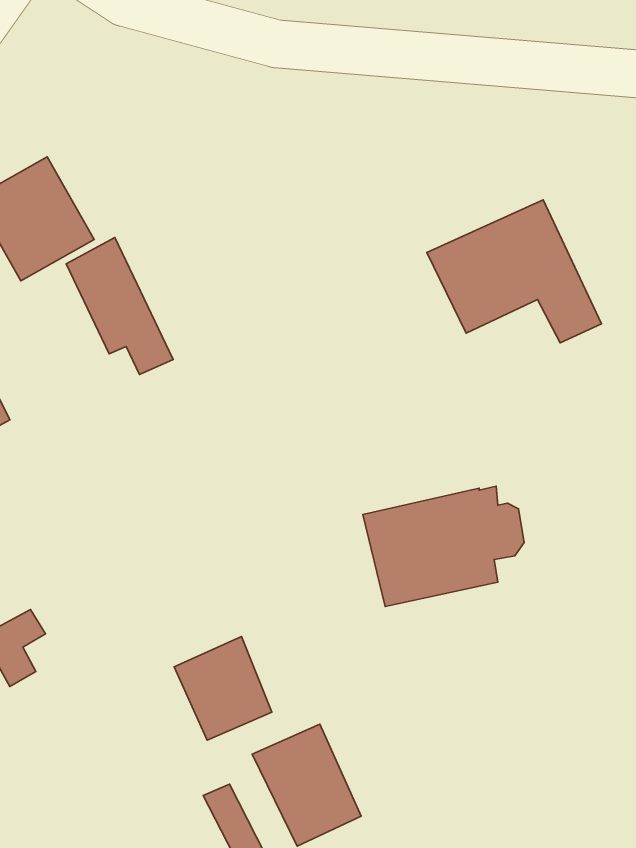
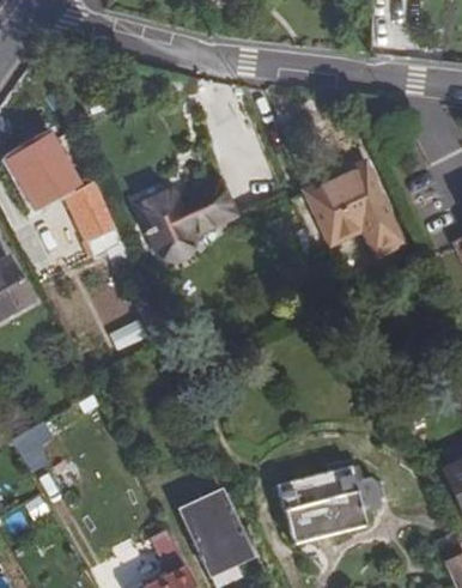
building: none -> [140,186,233,263]
building: [363,486,524,607] -> [279,468,382,545]
building: [174,636,272,740] -> none

